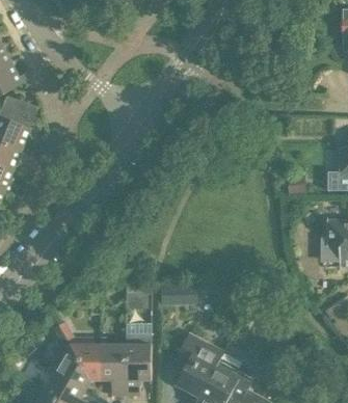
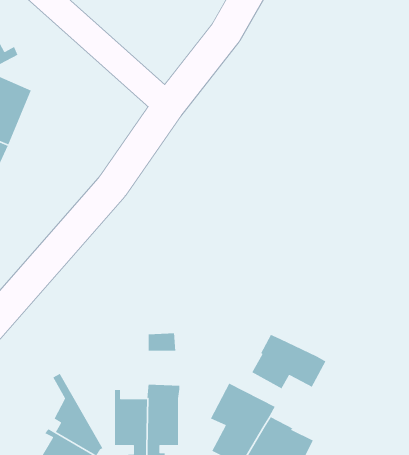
building: none -> [251,334,327,390]
building: [59,322,101,383] -> none

